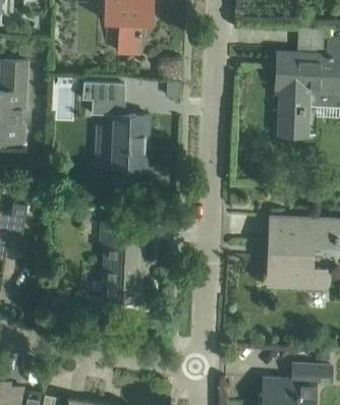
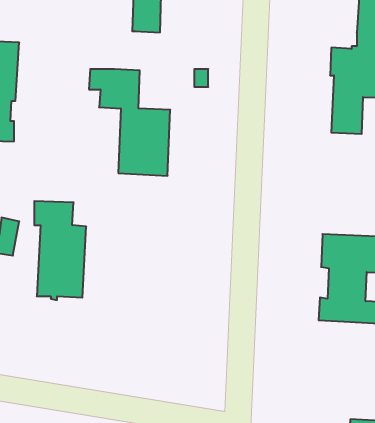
building: [101,224,143,303] -> [34,201,86,300]

